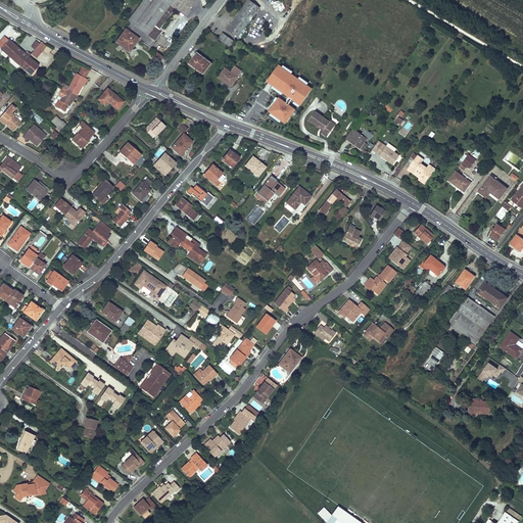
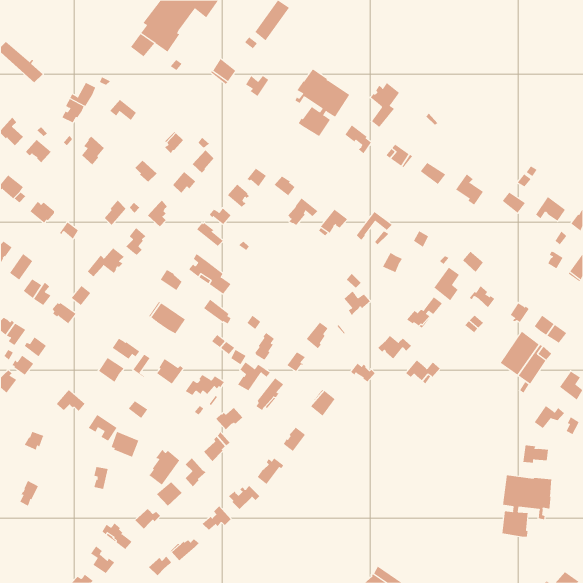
building: none -> [370,82,400,128]
building: [141,364,170,396] -> [148,449,180,485]
building: none -> [502,474,552,538]
building: [12,476,49,501] -> none

